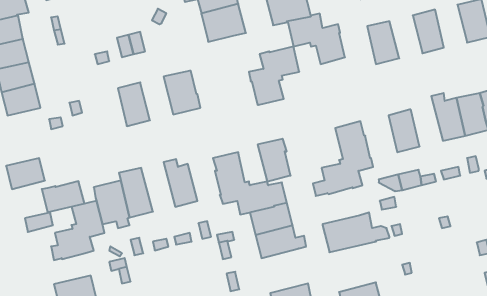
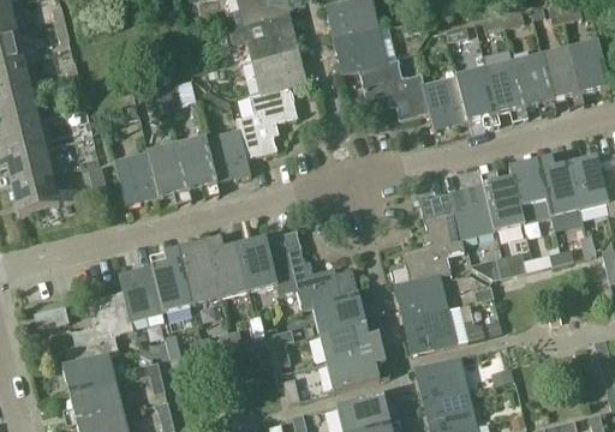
building: none -> [542,48,581,101]
building: none -> [485,61,526,114]
building: none -> [423,74,468,130]
building: [249,47,299,105] -> [235,86,298,158]
building: none -> [177,137,217,191]
building: none -> [114,151,160,206]
building: none -> [508,161,551,223]
building: none -> [449,185,495,238]
building: [258,139,291,181] -> [235,238,276,290]
building: [6,158,45,189] -> [12,175,60,214]
building: none -> [178,242,220,304]
building: [42,181,84,212] -> [62,355,115,394]
building: none -> [394,274,448,319]
building: none -> [327,347,387,391]
building: none -> [413,358,468,403]

